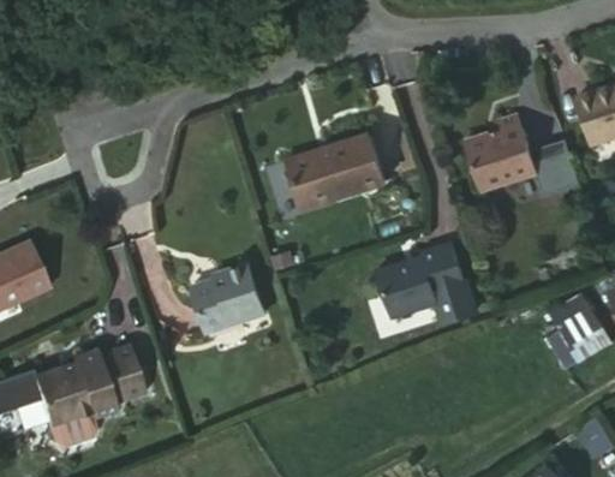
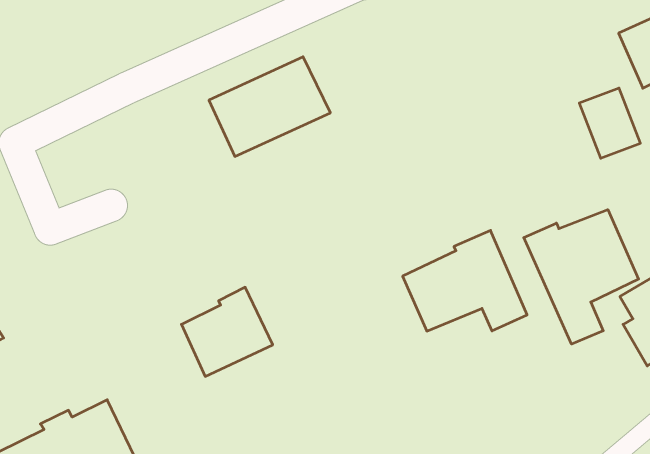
building: [464,115,536,190] -> none
building: [285,137,382,211] -> [209,57,330,156]
building: none -> [524,210,639,344]

